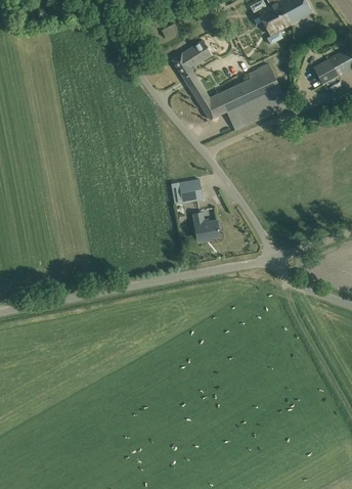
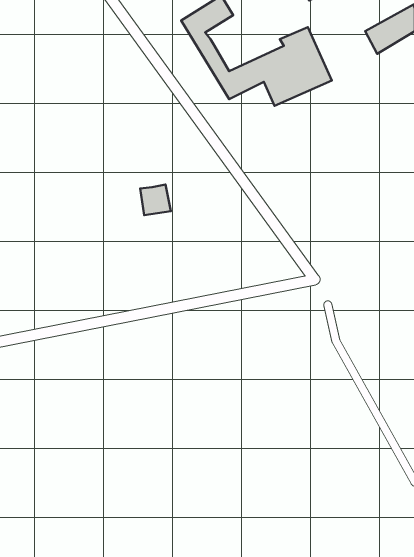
building: [178,179,202,203] -> [140,185,171,215]
building: [192,213,222,241] -> none

